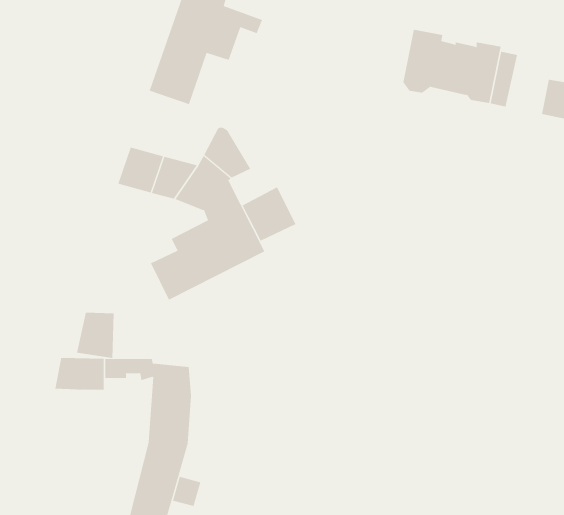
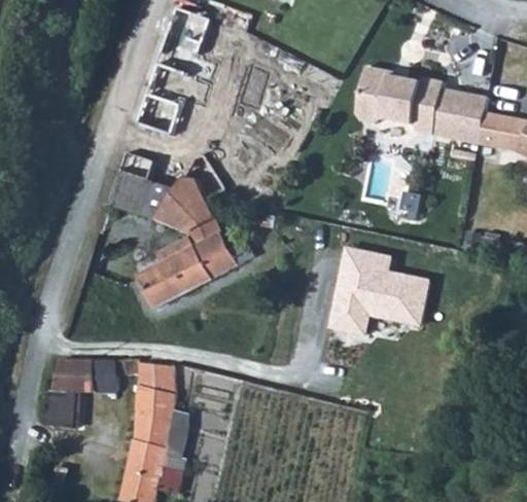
building: none -> [452,91,492,143]
building: [242,187,296,242] -> none
building: none -> [327,243,431,332]
building: [76,312,114,359] -> [44,386,78,427]

